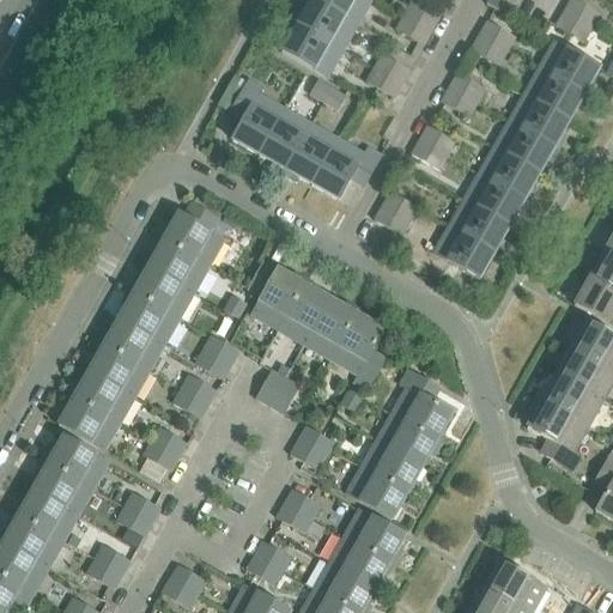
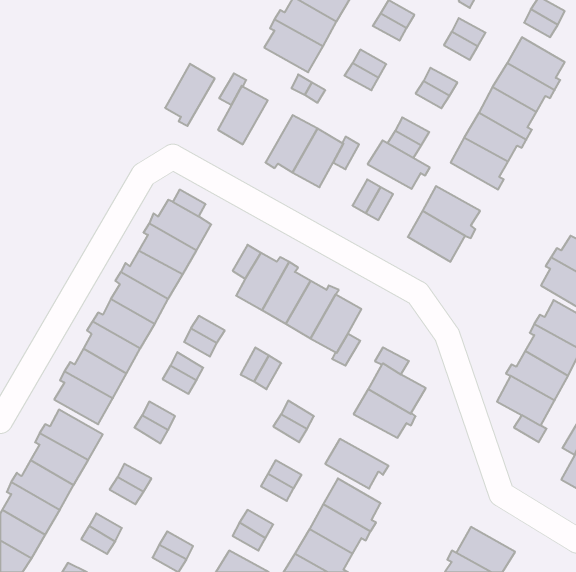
building: [259,107,311,172] -> [165,64,215,126]
building: [463,172,529,224] -> [368,140,430,189]
building: [362,439,423,494] -> none

